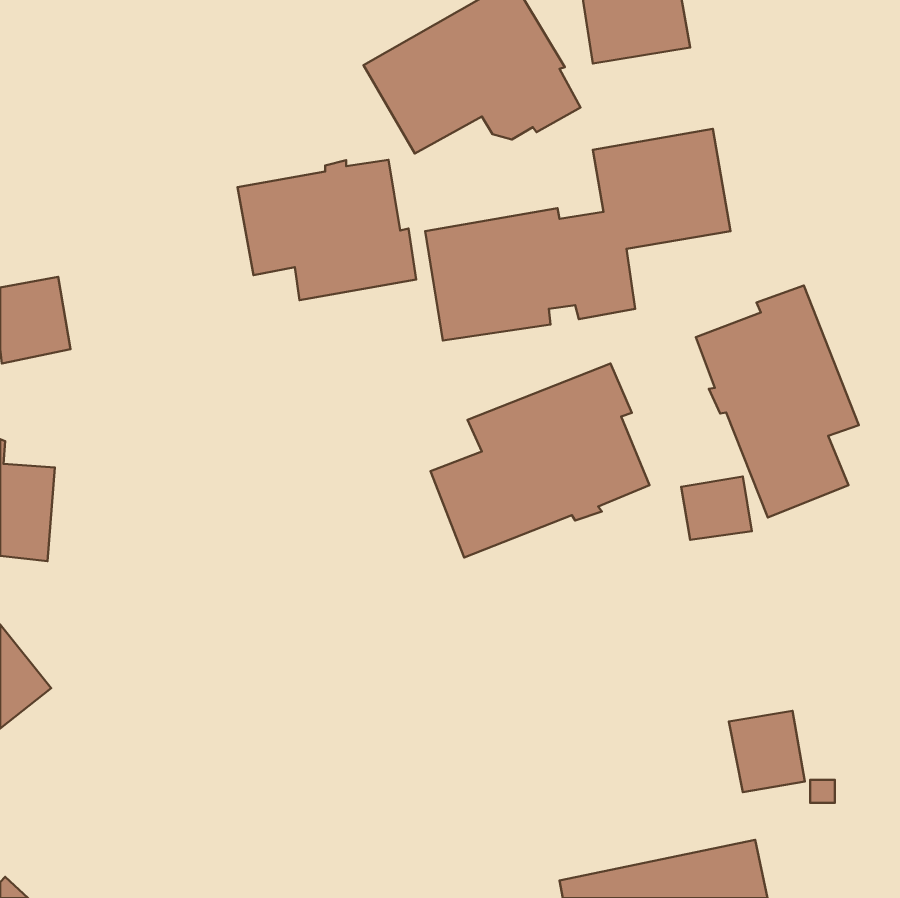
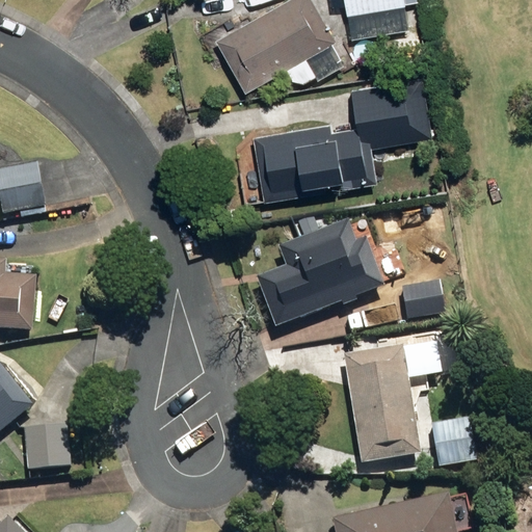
building: [237,160,416,300] -> none
building: [696,285,859,518] -> none
building: none -> [342,341,440,464]
building: none -> [24,424,72,470]

